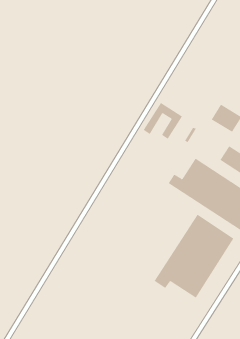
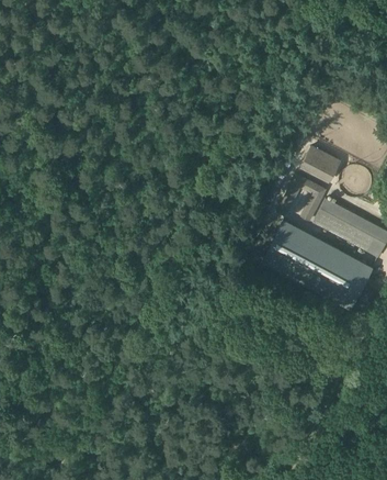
building: [143,102,183,140] -> [276,175,327,223]
building: [154,214,234,298] -> none

